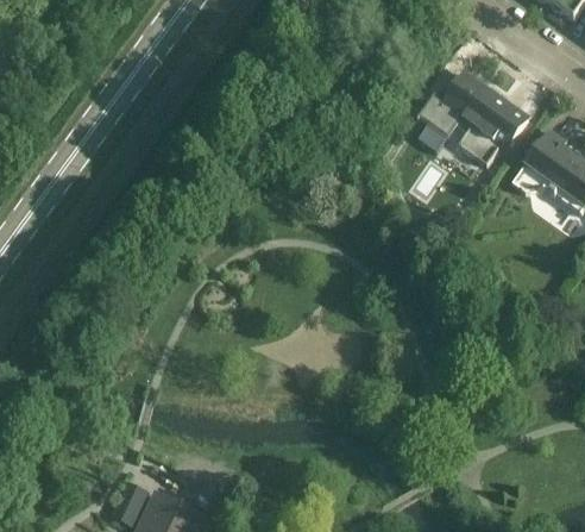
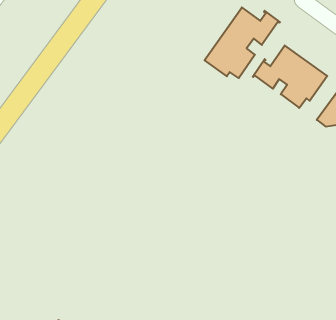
building: none -> [205,7,280,78]

